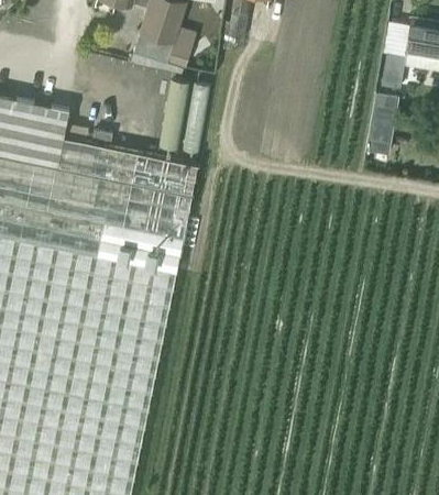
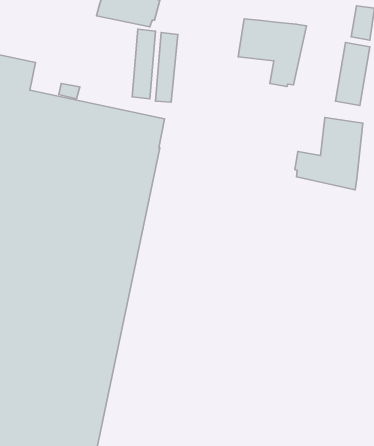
building: none -> [238,19,307,86]
building: none -> [295,117,363,190]

